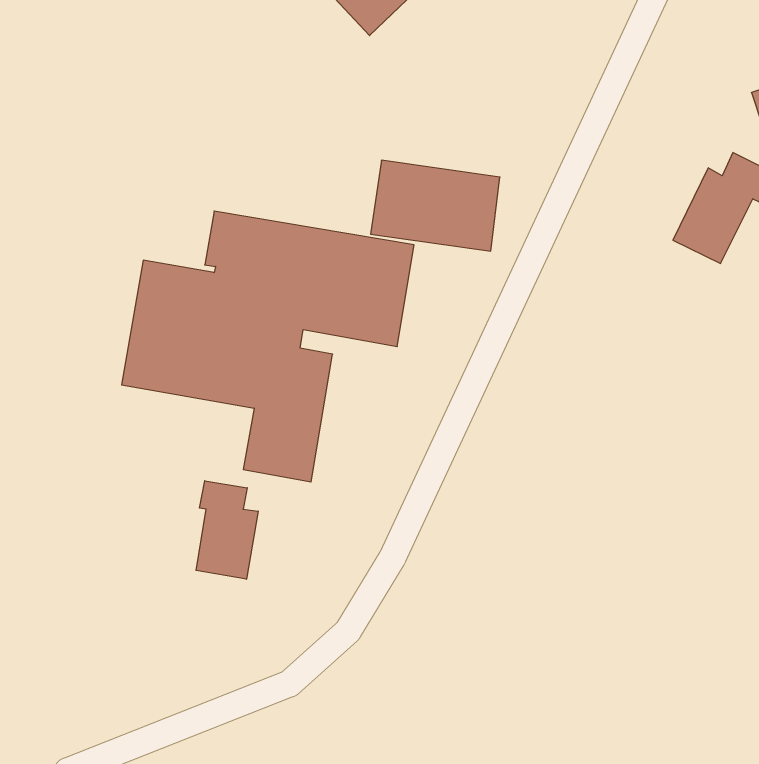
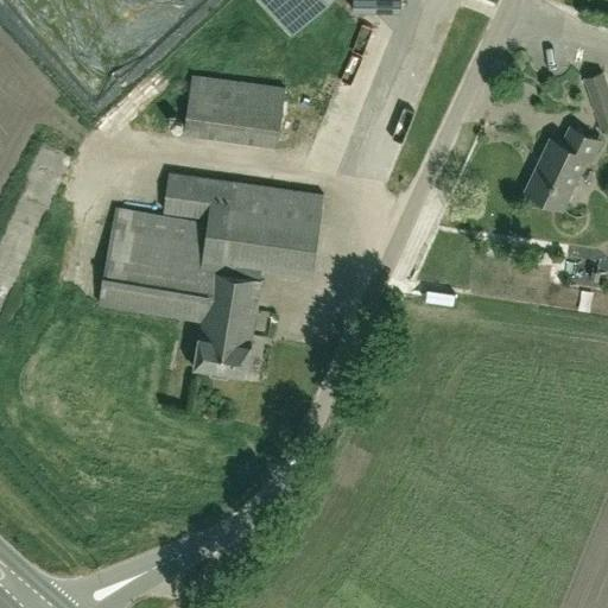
building: [371,160,500,251] -> [184,76,284,146]
building: [196,481,258,579] -> none

